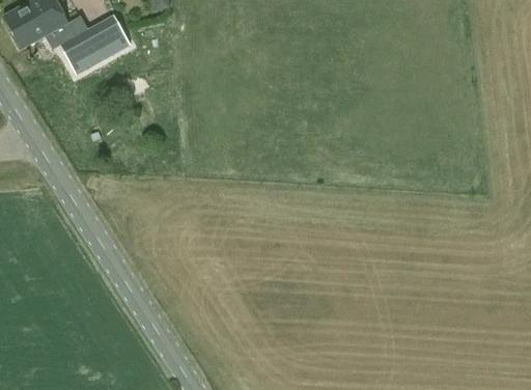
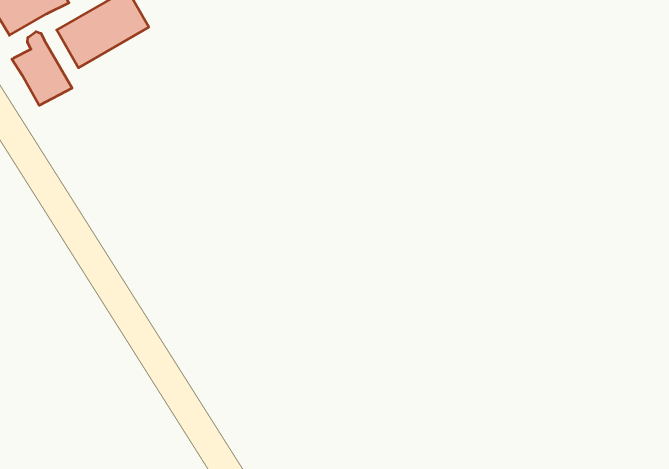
building: none -> [12,32,72,105]

